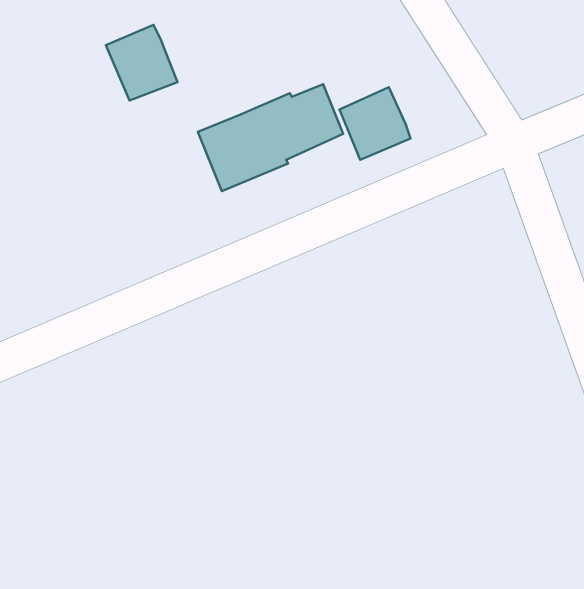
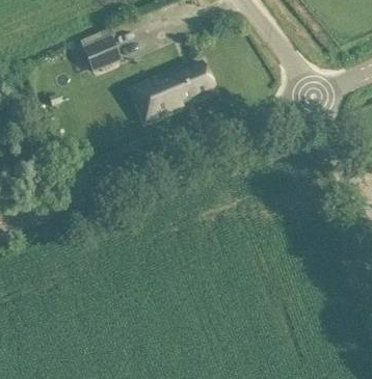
building: [340,87,411,160] -> none

